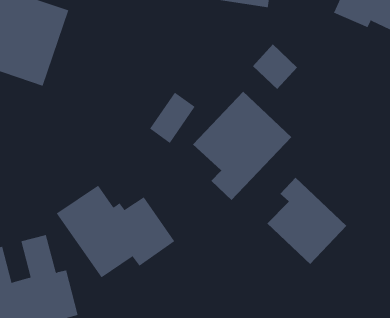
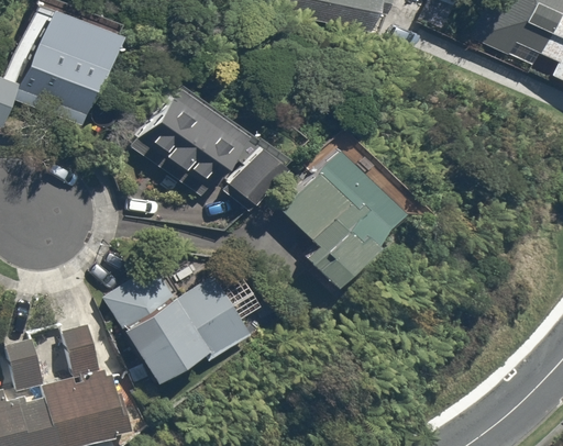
building: [252,44,298,90] -> none
building: none -> [137,82,246,187]
building: [266,177,347,265] -> none

